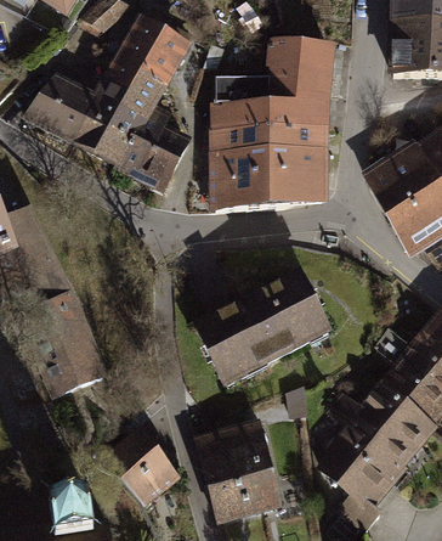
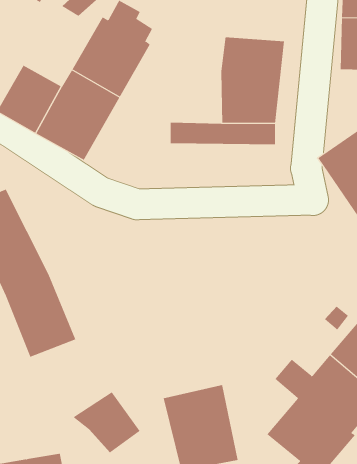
building: [206,79,262,135] -> none
building: [114,107,185,198] -> none
building: [206,157,321,209] -> none
building: [196,274,334,389] -> none

